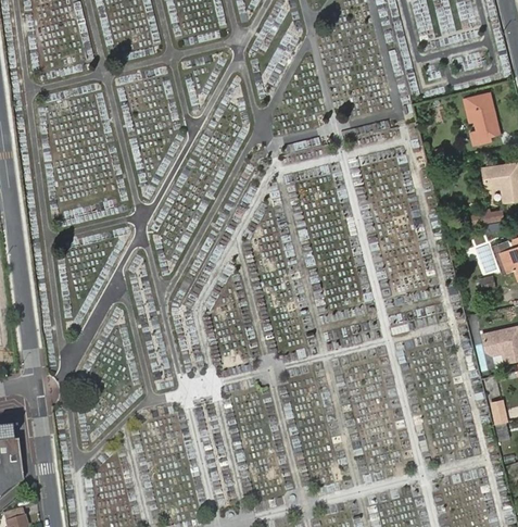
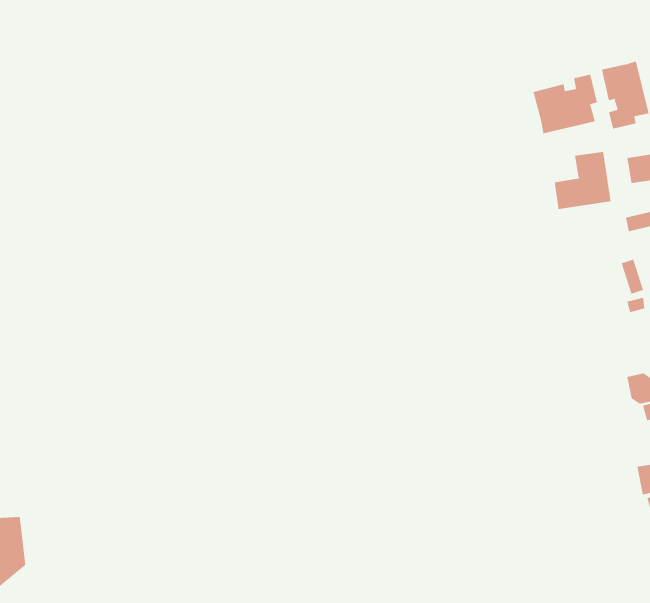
building: none -> [533,74,598,134]
building: none -> [554,151,611,210]

